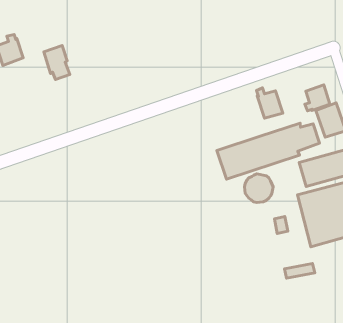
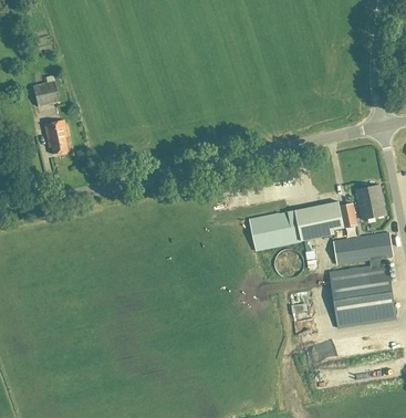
building: [44,45,70,79] -> [42,119,66,154]
building: [305,85,330,111] -> none
building: [257,88,283,118] -> none

